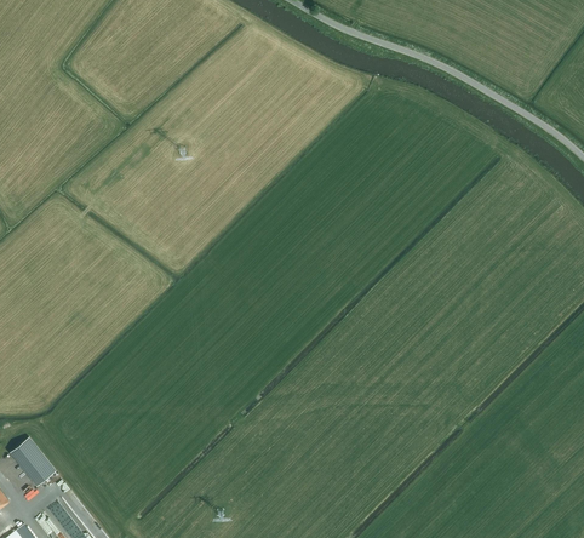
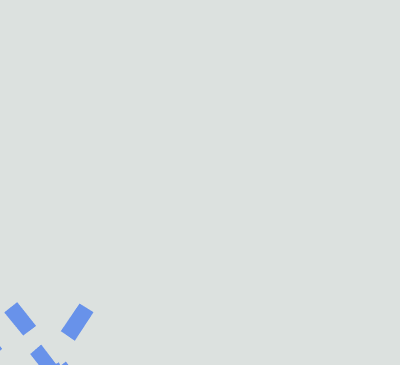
building: none -> [60,303,95,342]

